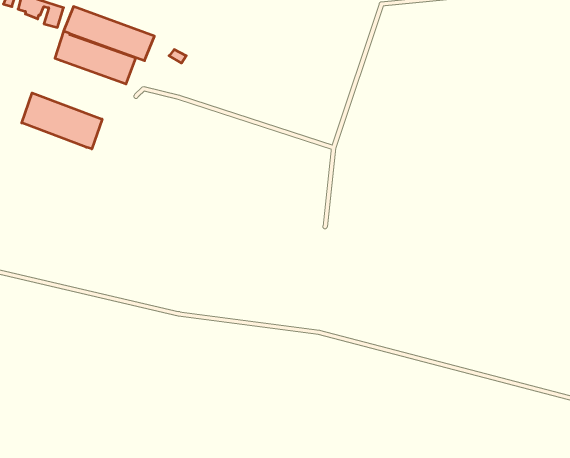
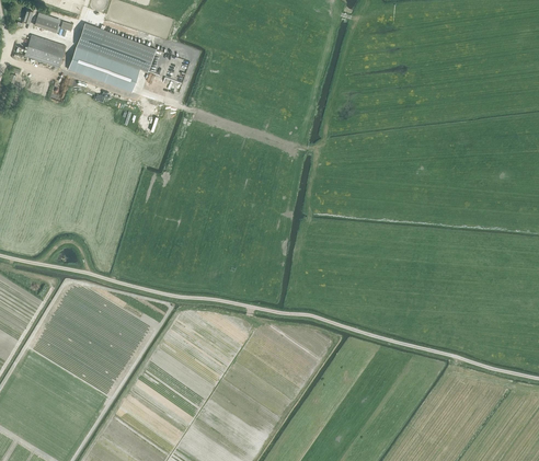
building: none -> [24,34,66,67]
building: [22,93,102,149] -> none

